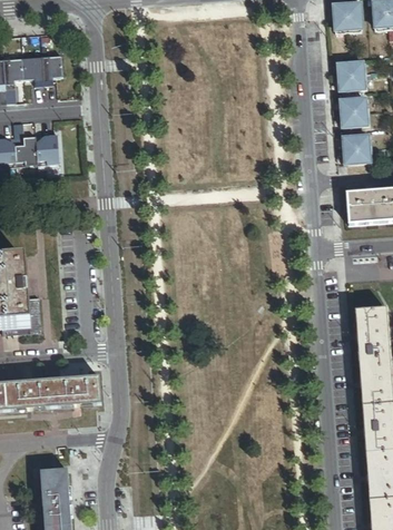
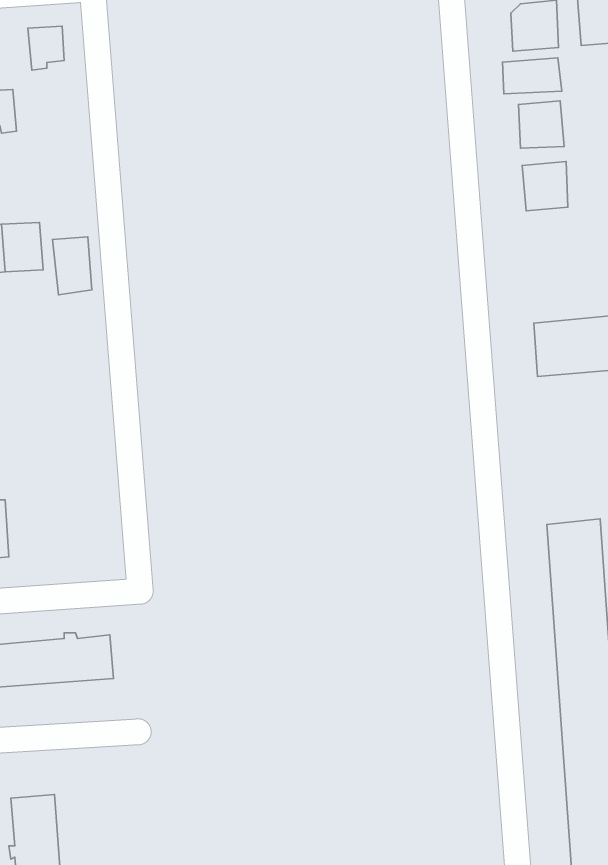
building: none -> [503,58,562,94]
building: [42,55,63,80] -> [28,26,64,70]
building: [344,135,371,164] -> none
building: none -> [53,237,92,295]

